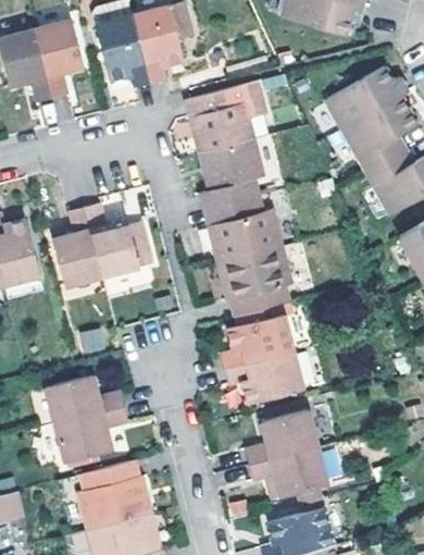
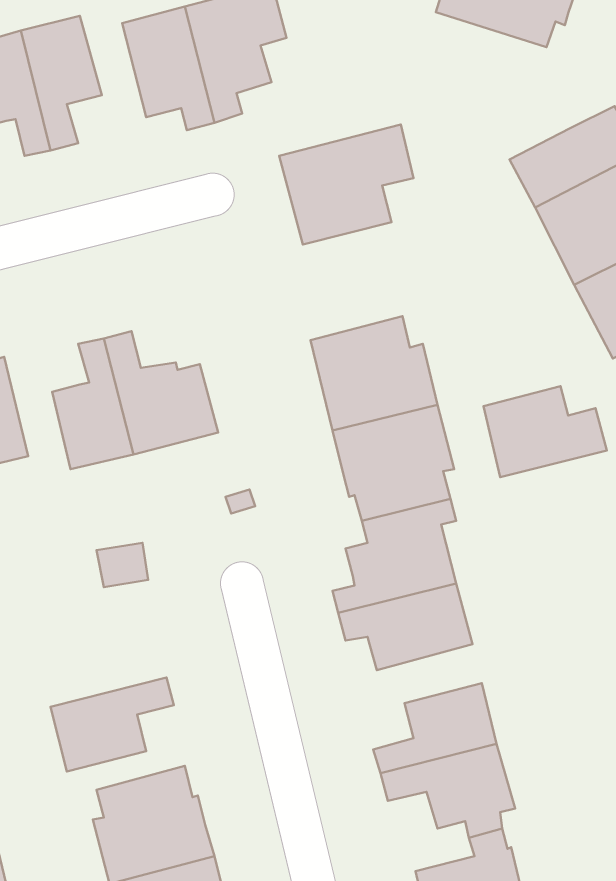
building: [203,138,264,208] -> none
building: none -> [483,386,607,477]
building: [46,377,123,424] -> none

